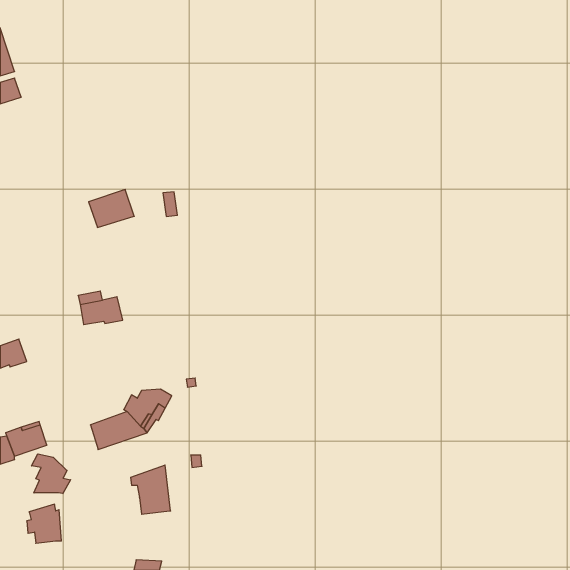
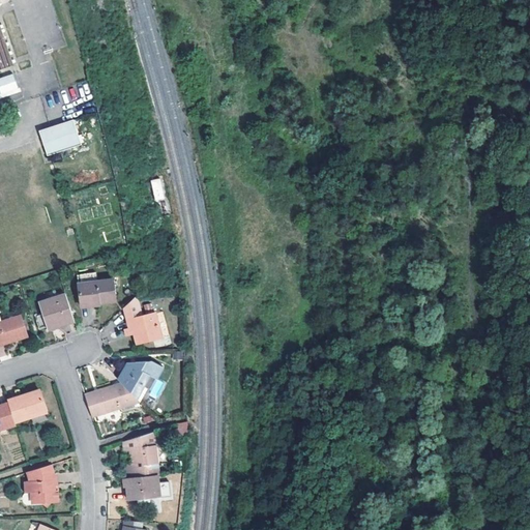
building: [89,189,134,227] -> [39,121,82,156]
building: none -> [123,293,158,343]
building: none -> [36,294,71,329]
building: [32,454,71,494] -> none
building: none -> [122,474,159,500]

